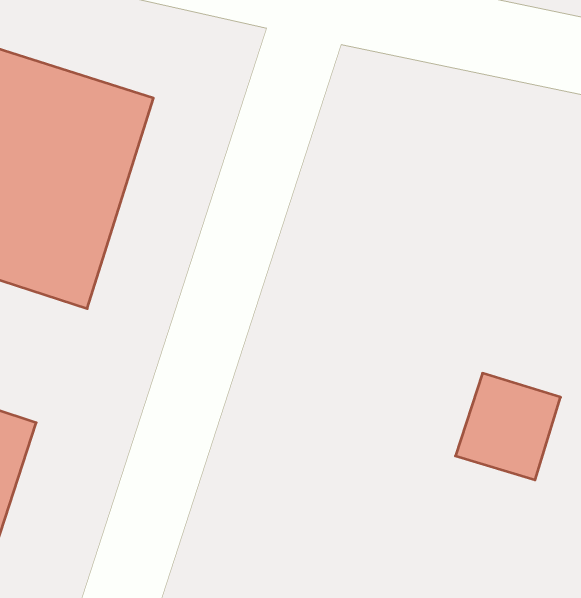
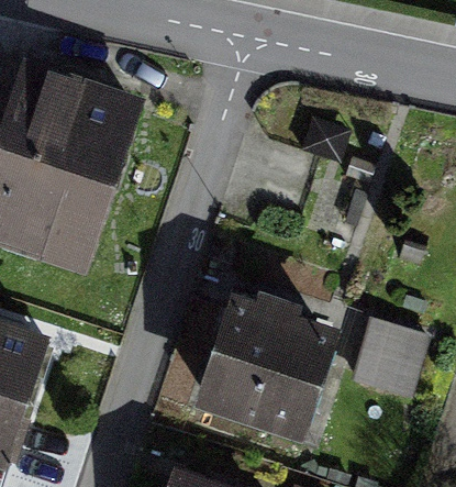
building: none -> [198,309,331,440]

